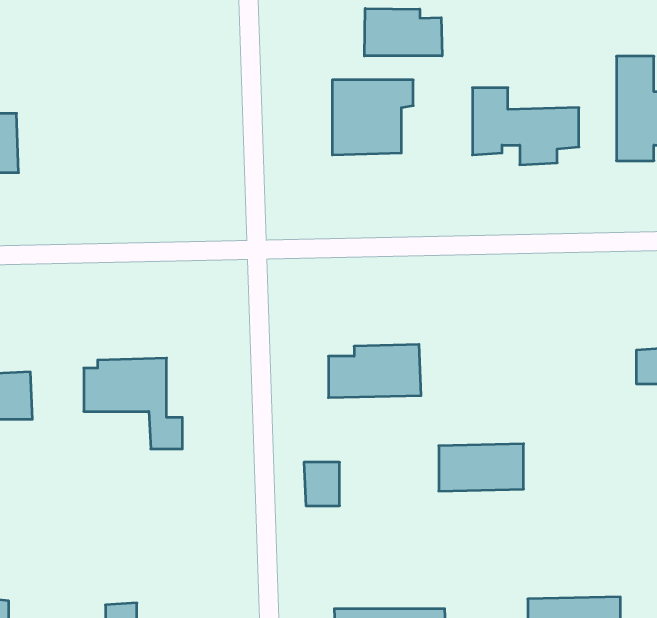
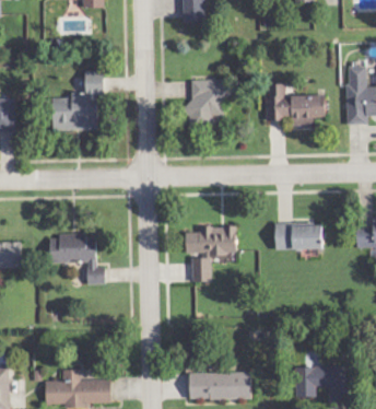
building: [364,8,442,56] -> none
building: none -> [51,70,104,130]
building: [439,444,524,491] -> [275,223,322,249]
building: [304,462,340,506] -> [191,257,211,281]

